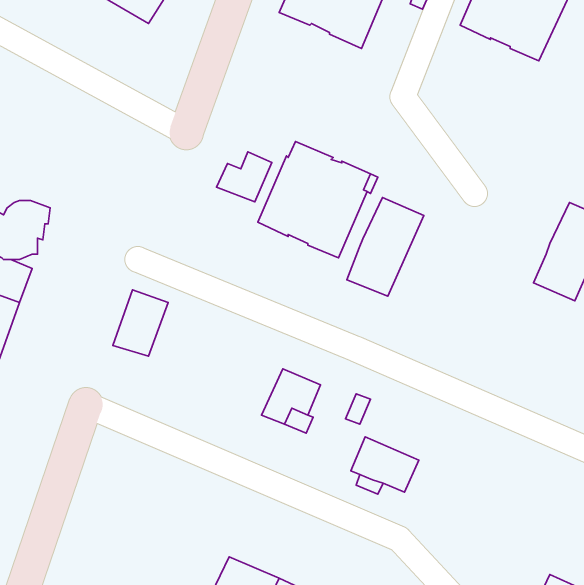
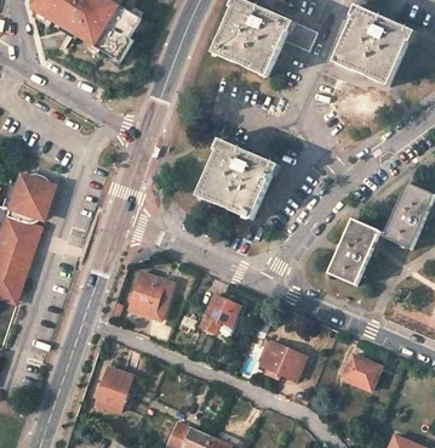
building: [217,152,272,202] -> none
building: [347,198,424,296] -> [327,219,379,285]
building: [113,290,168,356] -> [127,272,165,317]
building: none -> [340,353,379,391]
building: none -> [95,367,132,413]

